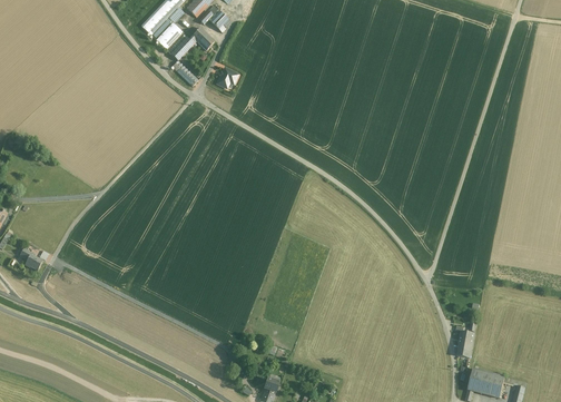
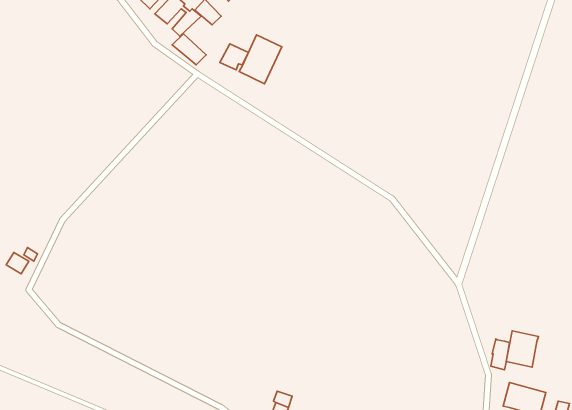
building: none -> [239,35,282,84]
building: none -> [506,331,538,367]

